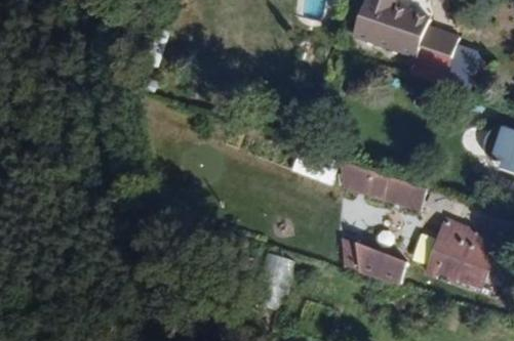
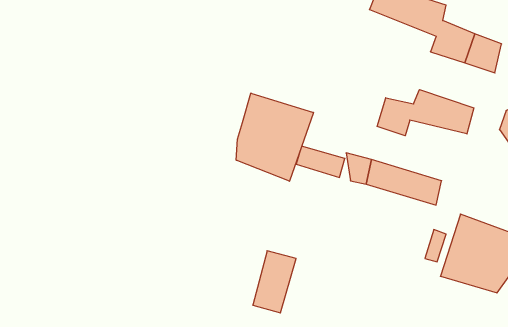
building: none -> [377,90,474,136]
building: none -> [236,93,313,181]
building: [342,241,404,286] -> none

